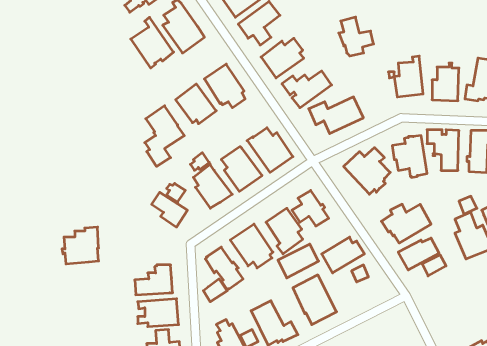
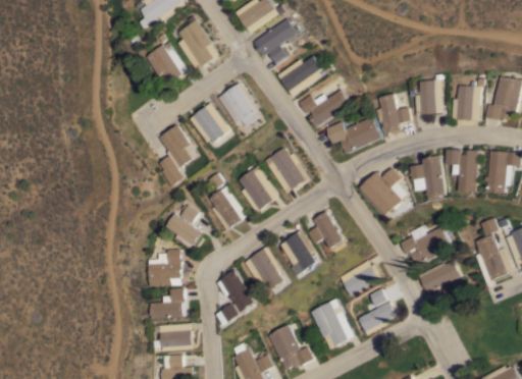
building: [339,17,374,56] -> [374,93,410,132]
building: [62,227,99,264] -> [143,249,180,286]
building: [278,244,319,278] -> [357,301,399,335]

